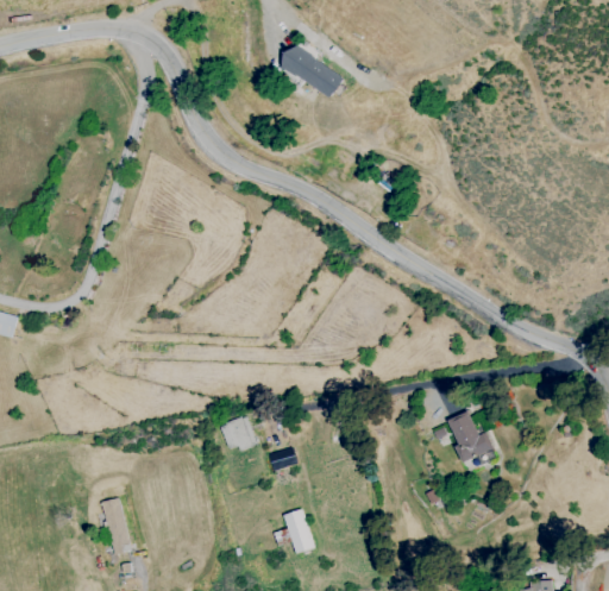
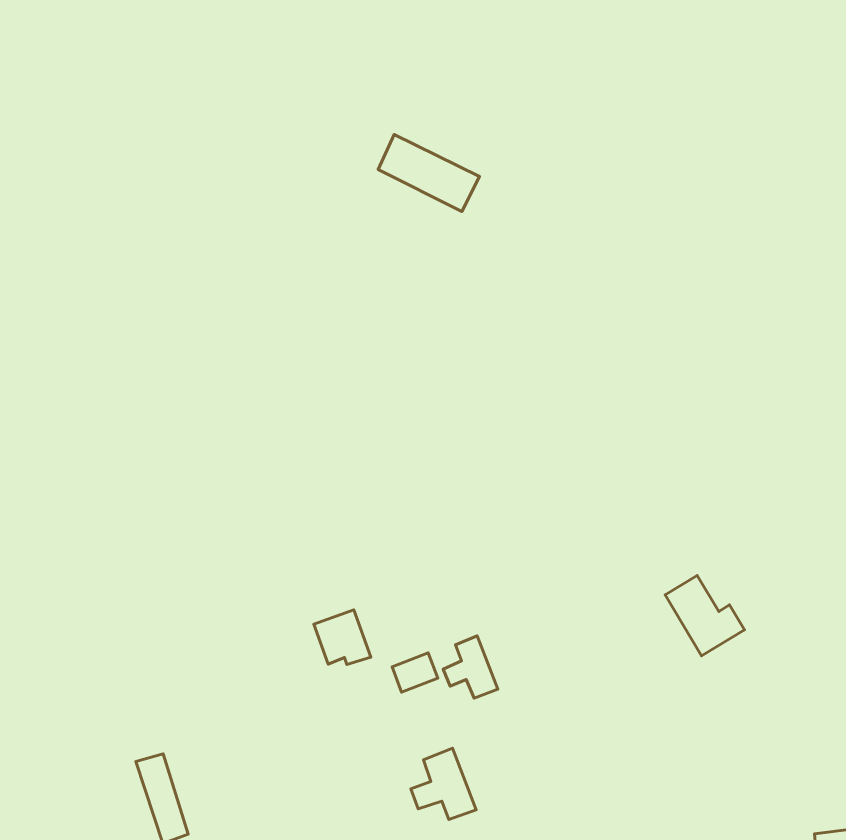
building: [281,45,345,98] -> [378,135,480,212]
building: none -> [443,636,498,698]

